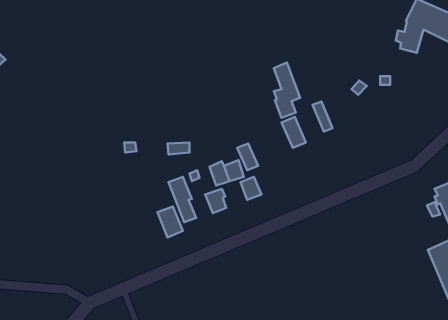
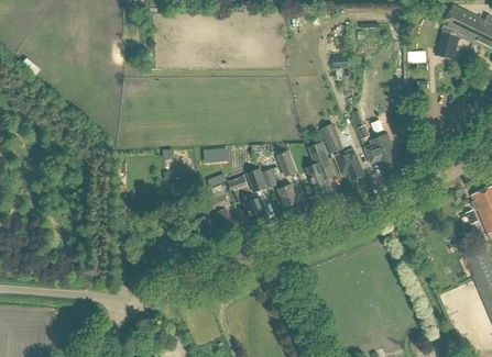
building: [274,63,300,118] -> [307,138,334,193]
building: none -> [364,134,396,168]
building: none -> [334,147,364,181]

